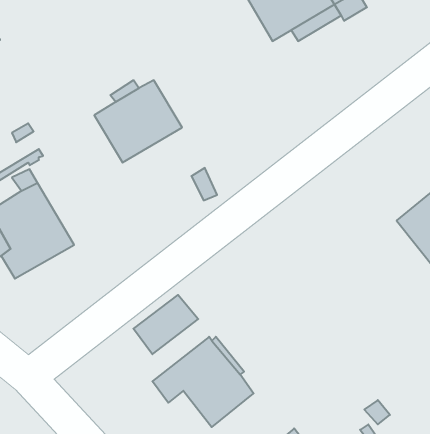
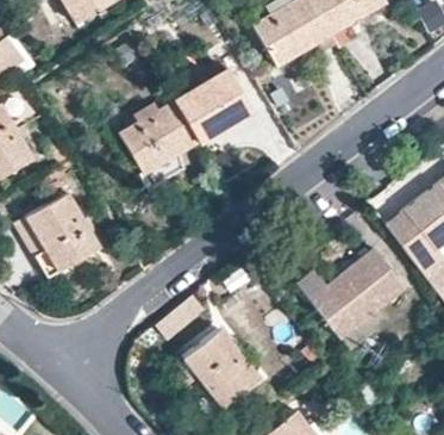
building: none -> [171,68,251,143]
building: none -> [308,248,405,338]

